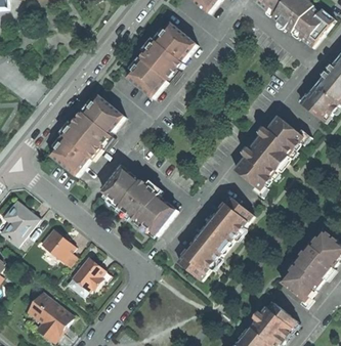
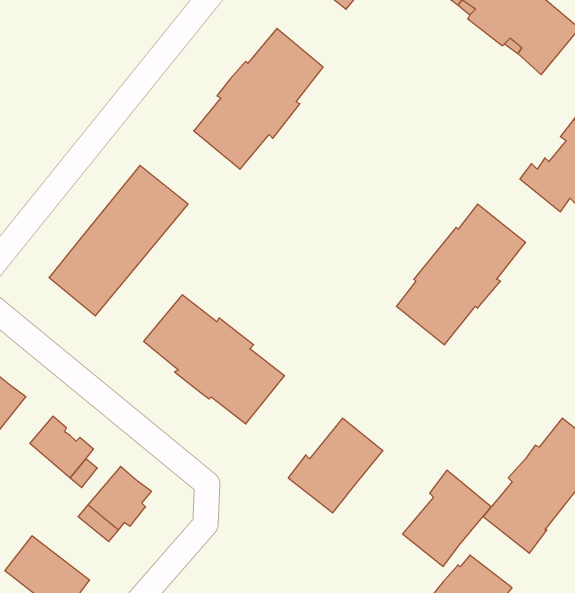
building: [205,196,252,247] -> [403,470,491,567]

